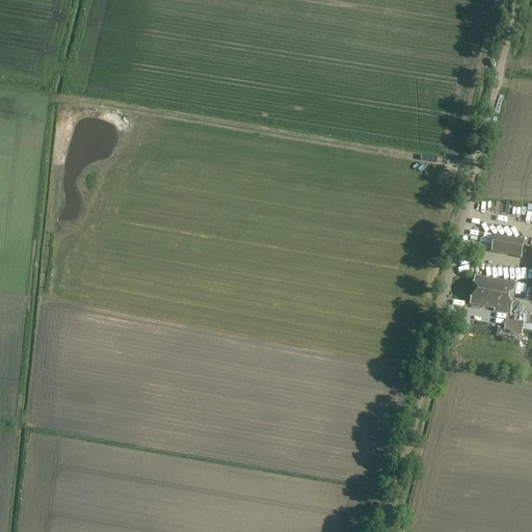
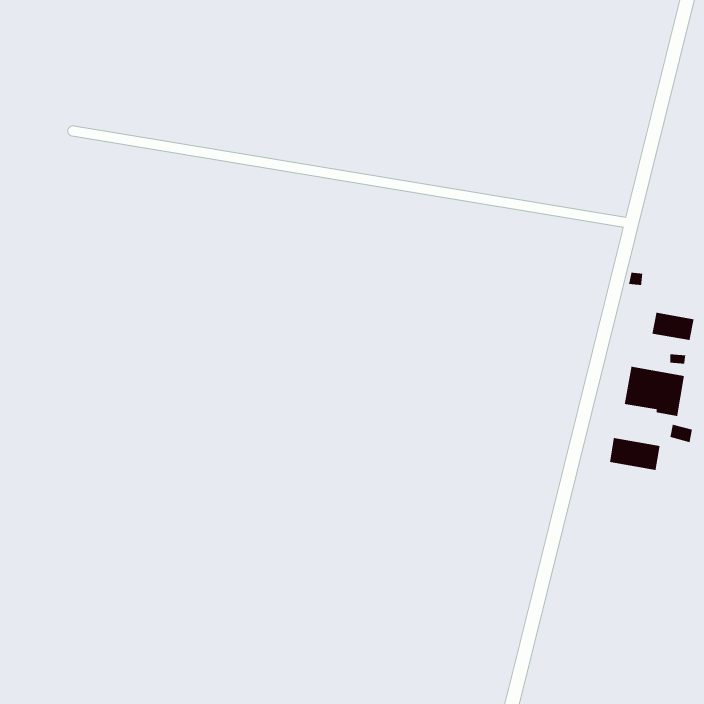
building: none -> [609,437,661,471]

